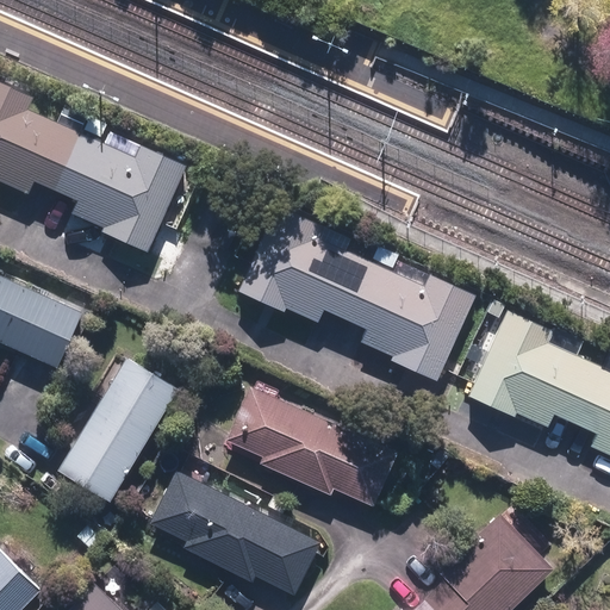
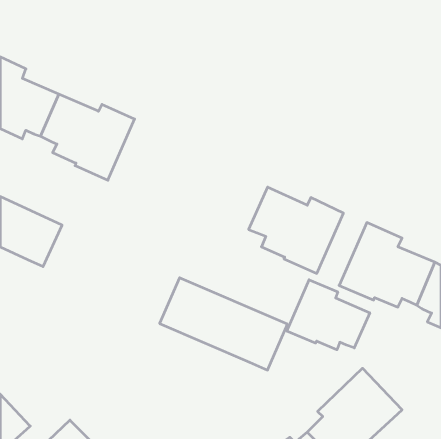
building: [238,205,369,322] -> none
building: [57,357,180,503] -> none
building: none -> [287,280,370,350]
building: [147,471,322,603] -> none

